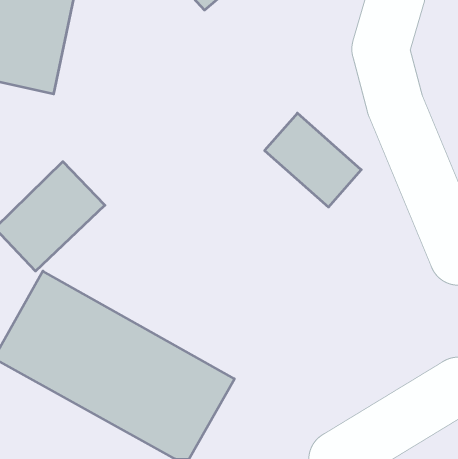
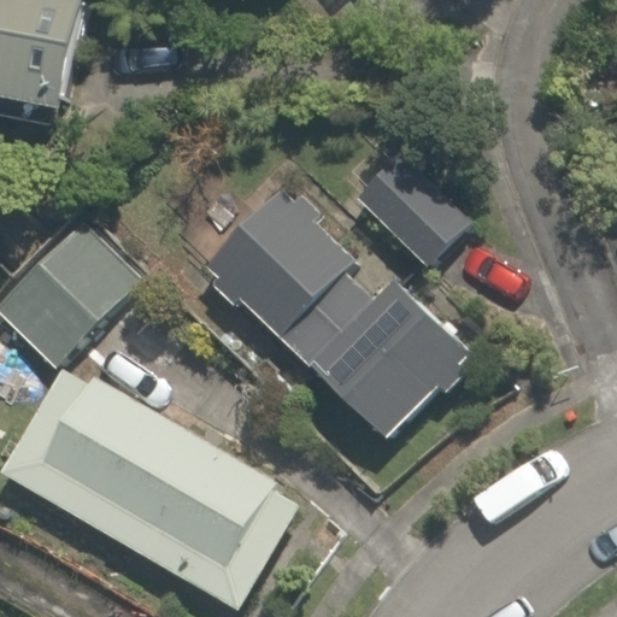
building: none -> [199,199,471,437]

